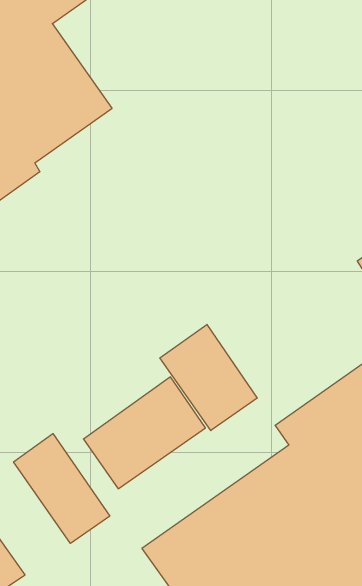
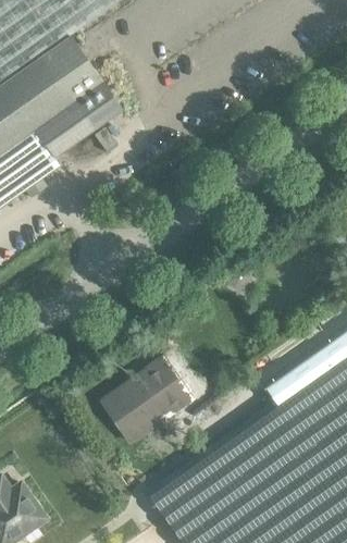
building: [160,324,257,431] -> none
building: [14,434,110,543] -> none

